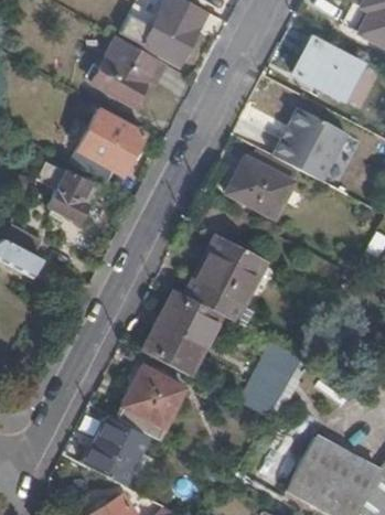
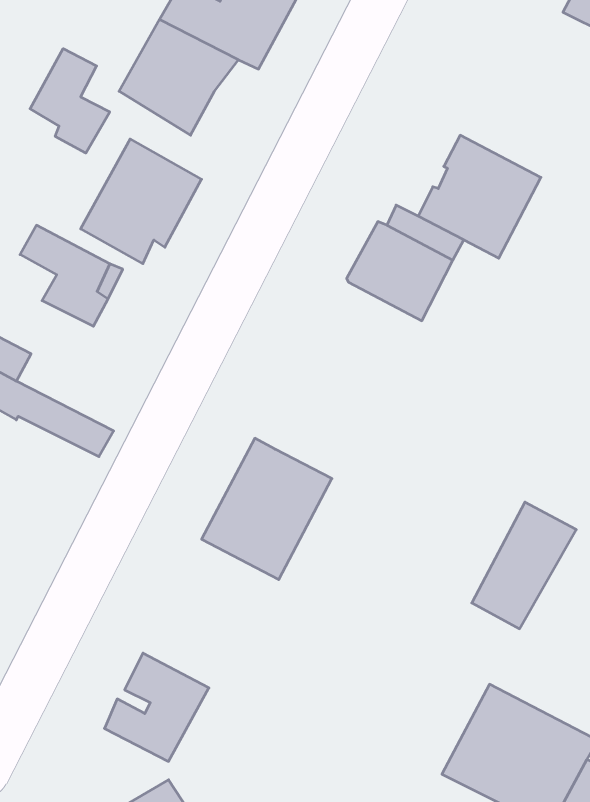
building: [295,39,360,98] -> none
building: none -> [30,49,110,153]
building: [186,234,264,320] -> none
building: [240,341,303,417] -> [472,502,576,629]
building: [115,367,184,439] -> none

